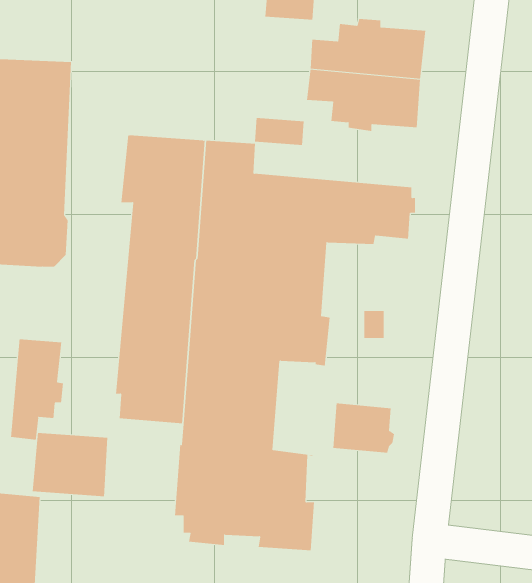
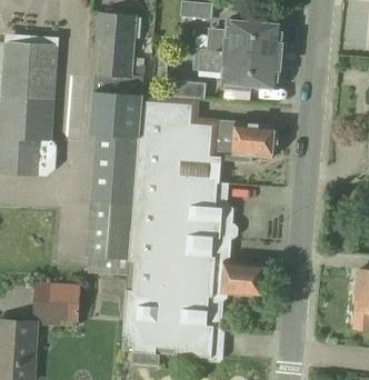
building: none -> [93,12,142,94]
building: [10,339,64,441] -> none
building: none -> [186,236,215,296]

